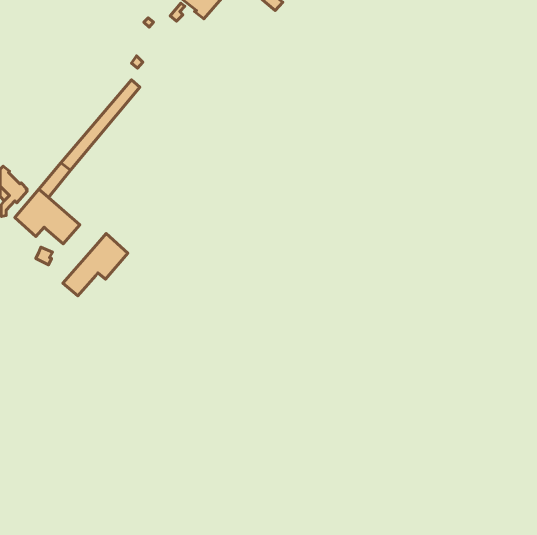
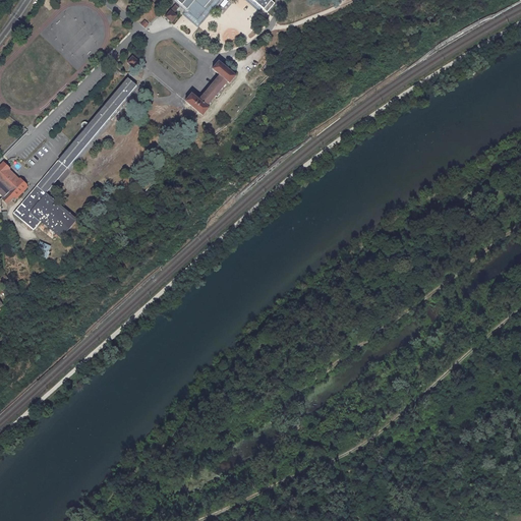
building: none -> [185,59,236,114]
building: [63,234,128,296] -> none

